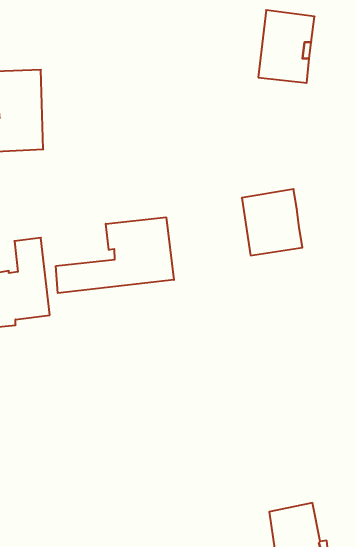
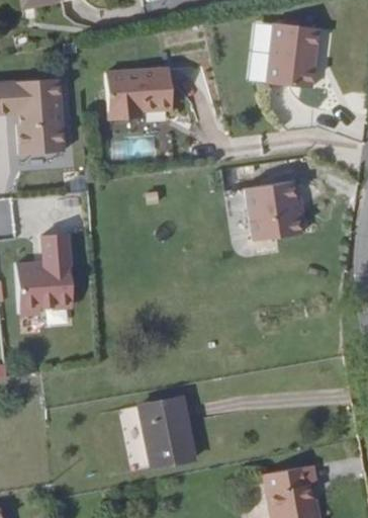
building: none -> [109,67,173,116]
building: [56,217,174,293] -> none
building: none -> [145,405,195,471]

